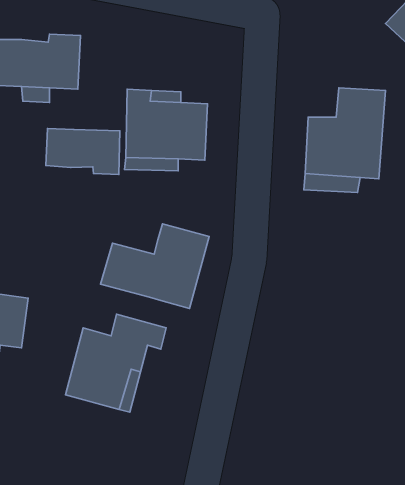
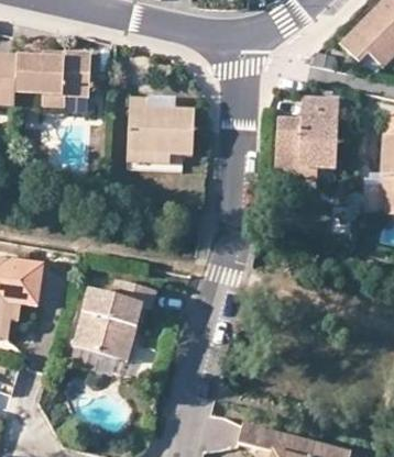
building: [46,128,120,174] -> none
building: [100,224,209,308] -> none

